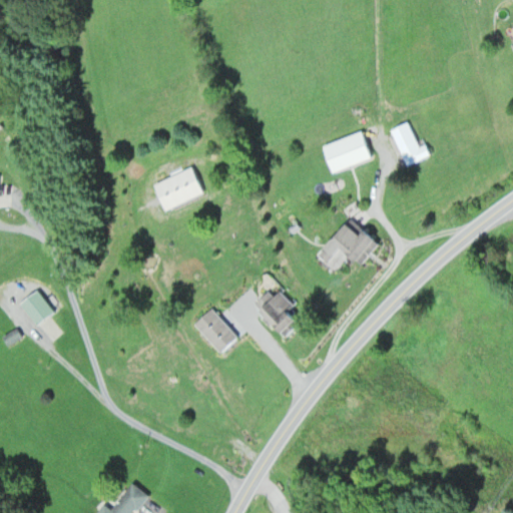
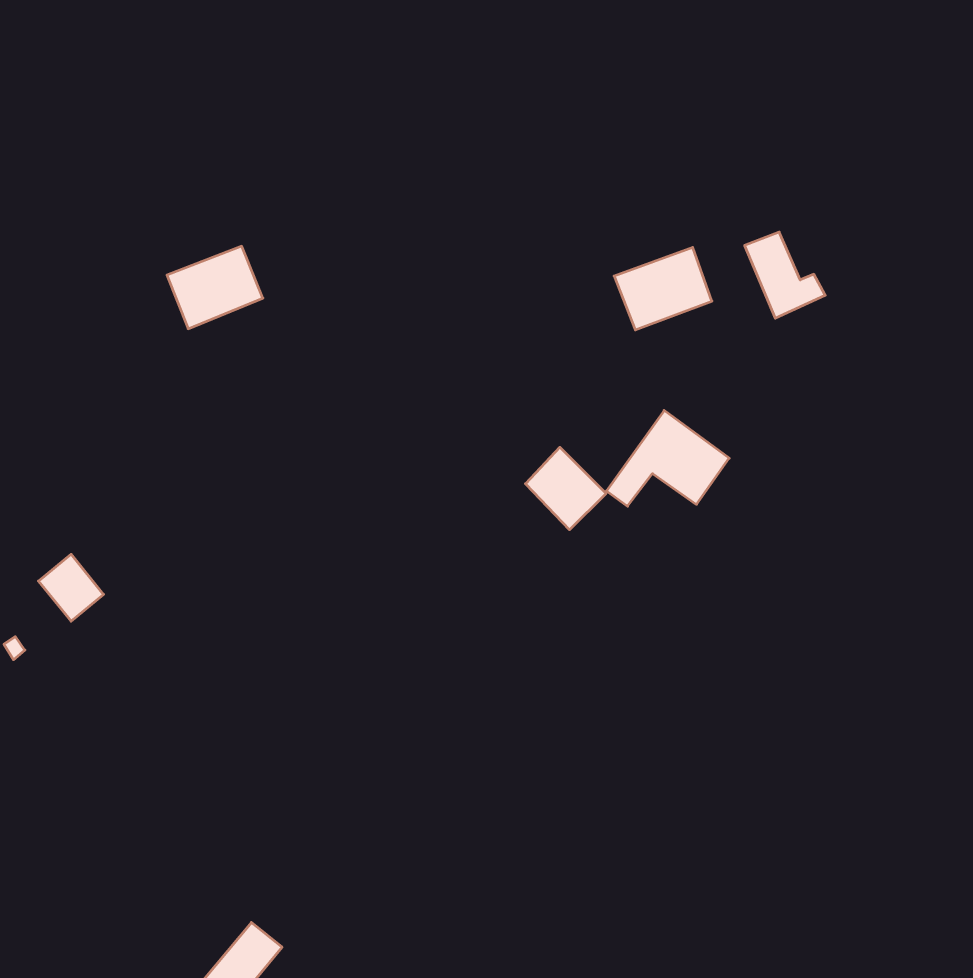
building: [153,167,203,210] -> [167,246,263,329]
building: [261,292,303,335] -> [525,447,606,530]
building: [194,310,237,353] -> none

